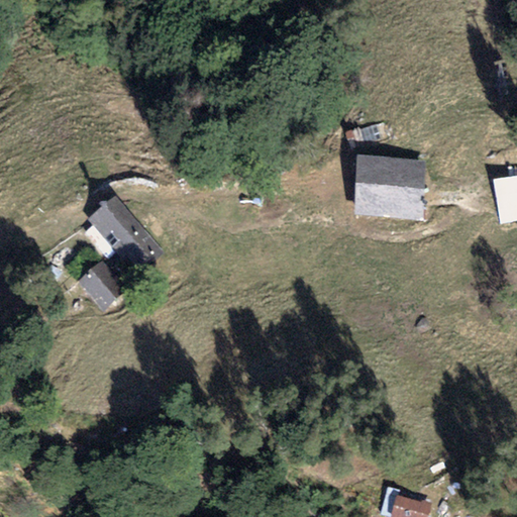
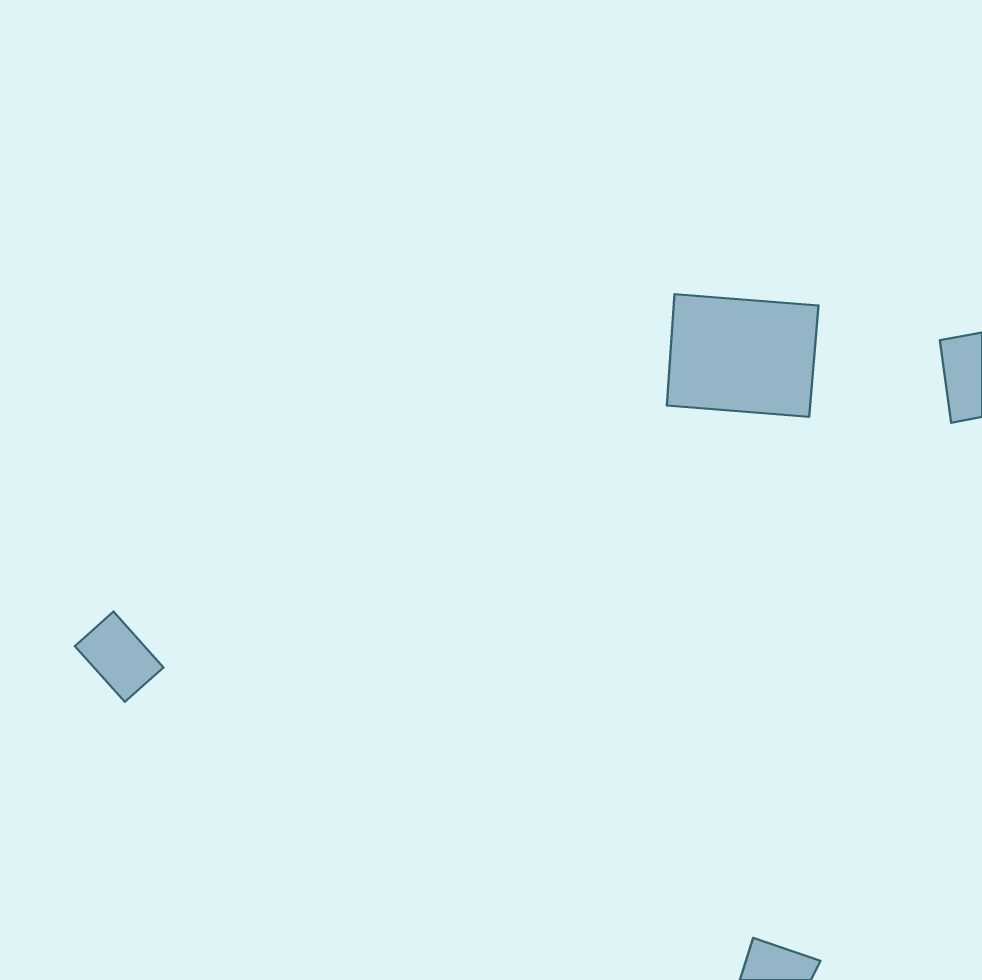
building: [88,195,163,273] -> none
building: [77,263,123,310] -> [75,612,163,702]

